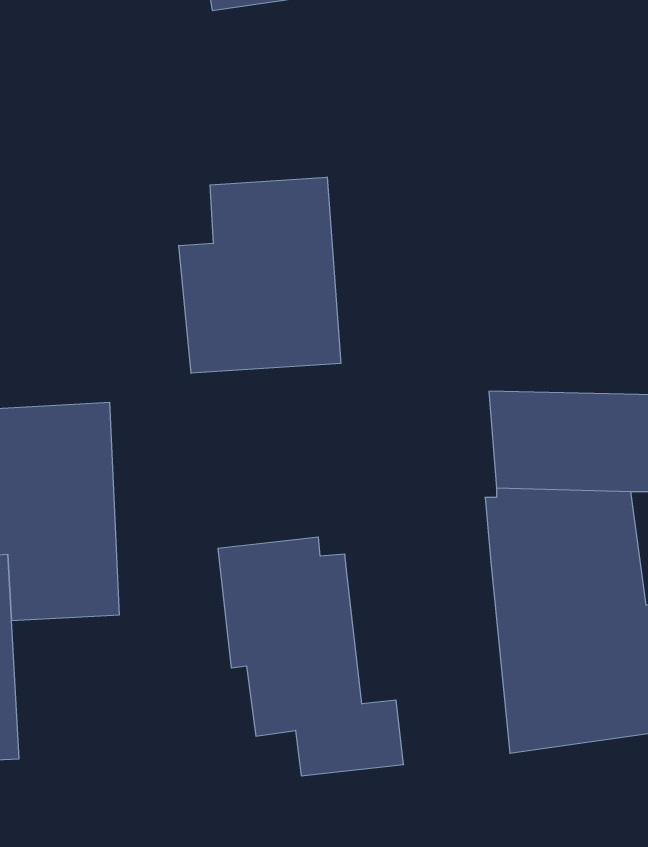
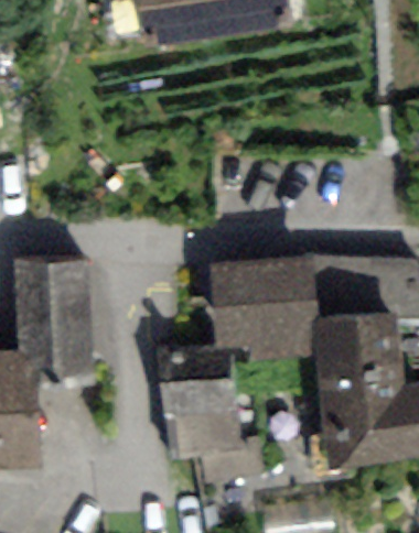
building: [179,177,341,373] -> none
building: none -> [208,253,318,359]

